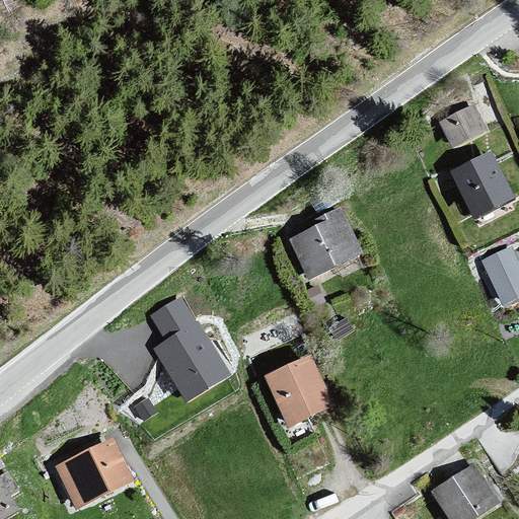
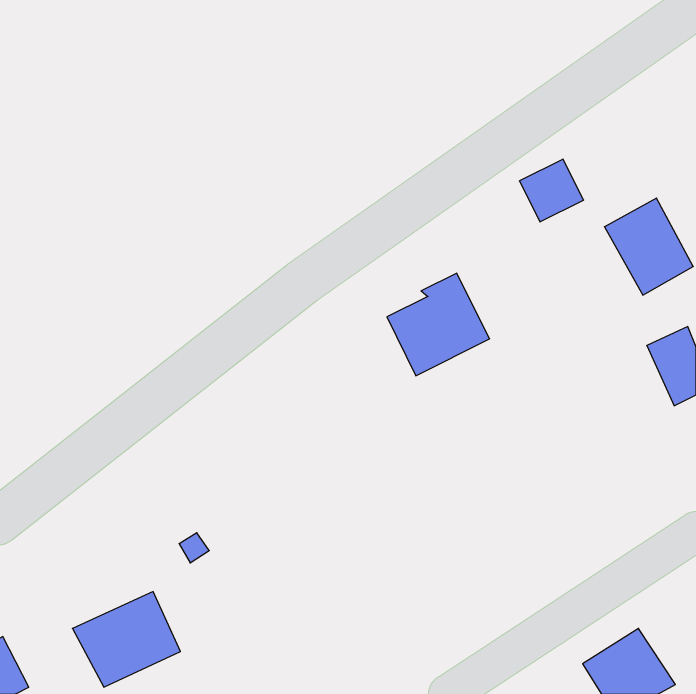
building: [438,102,486,149] -> [519,159,584,222]
building: [148,294,228,398] -> none
building: [268,358,337,429] -> none

